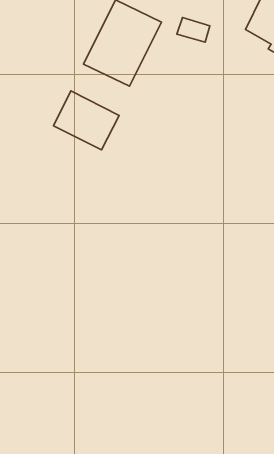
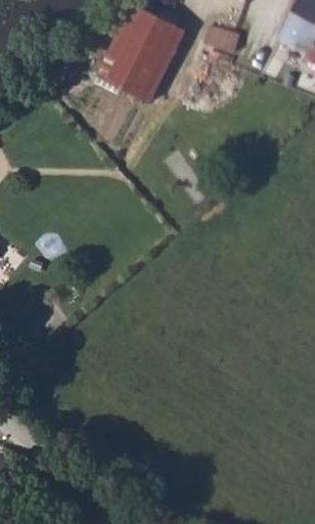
building: [53,91,119,150] -> none

